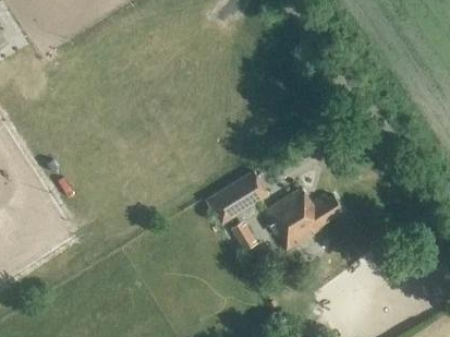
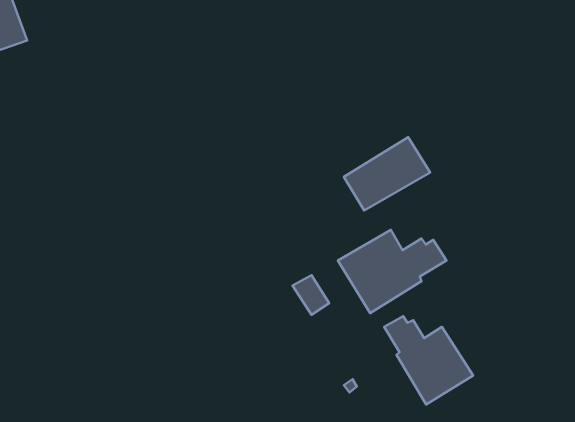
building: [203,171,267,226] -> [344,137,430,211]
building: none -> [384,316,473,404]

